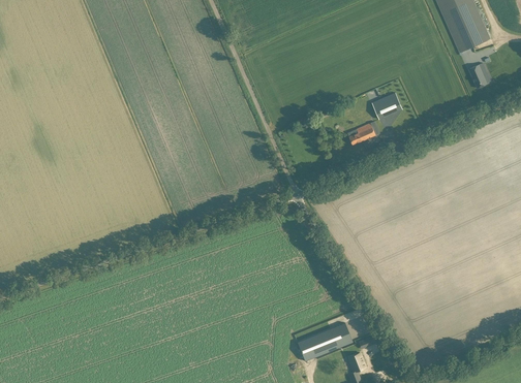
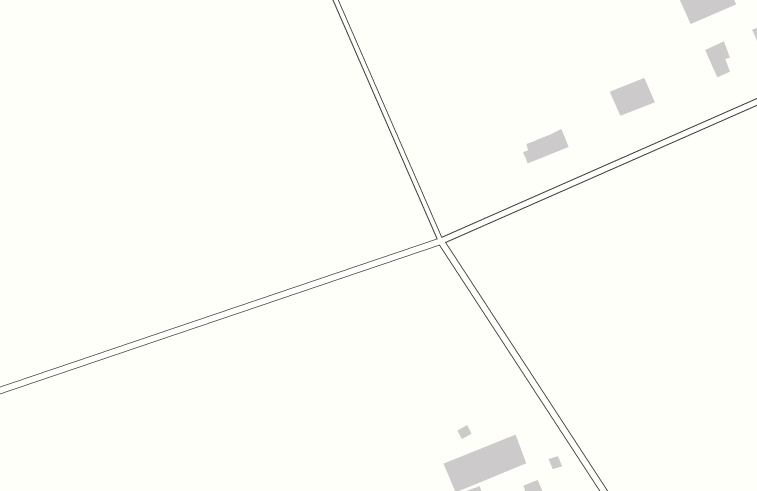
building: [372,93,403,119] -> [609,77,656,116]

